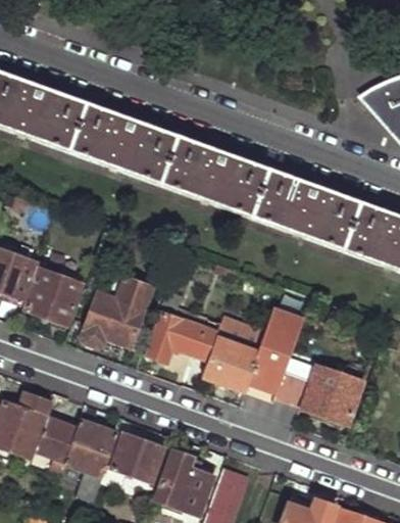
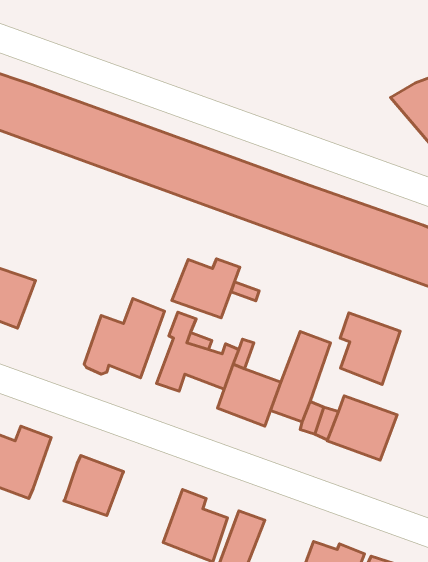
building: none -> [172,259,240,318]
building: [26,268,83,324] -> none
building: none -> [340,313,400,384]
building: [36,417,76,459] -> none
building: [102,433,163,480] -> none

